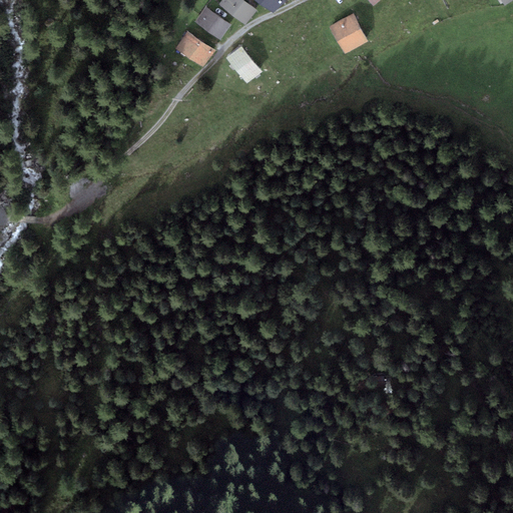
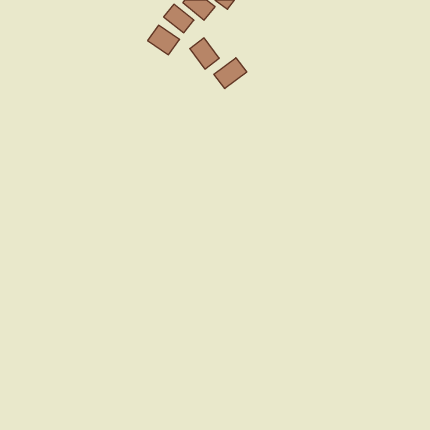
building: [329,12,368,53] -> none
building: none -> [214,58,247,89]

